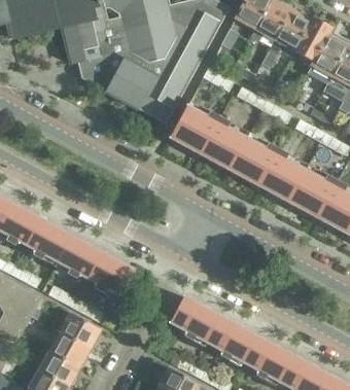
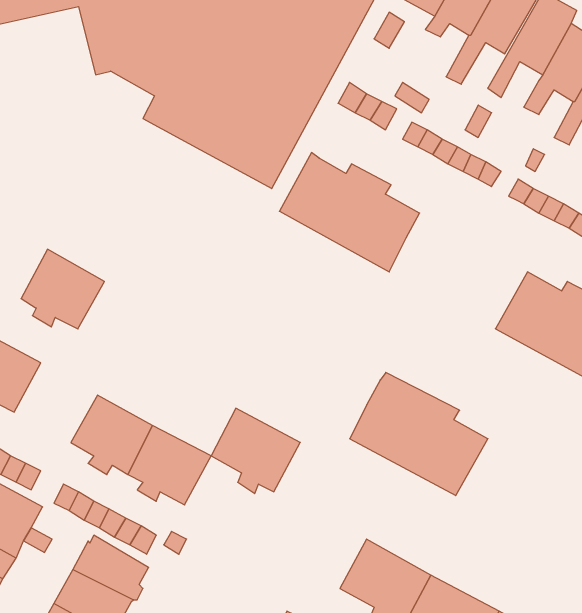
building: [230,133,305,200] -> [350,372,488,496]
building: [26,218,71,261] -> [21,249,104,329]
building: [169,295,217,342] -> [211,408,300,494]

